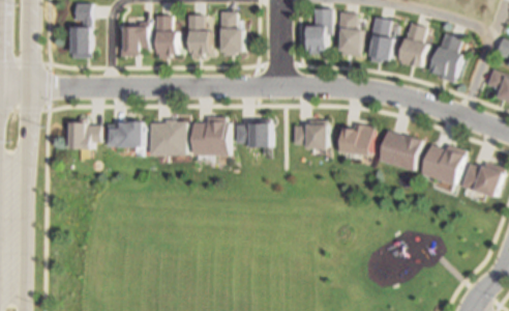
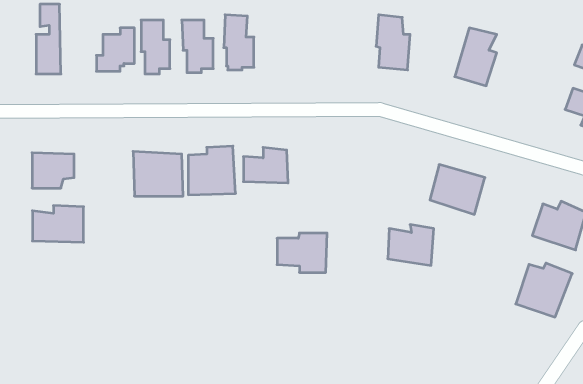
building: [304,9,331,56] -> none
building: [370,18,397,61] -> none
building: [430,33,463,84] -> none
building: [103,118,144,147] -> [32,206,84,242]
building: [289,119,328,150] -> [277,233,327,272]
building: [337,123,373,156] -> [388,225,434,265]
building: [423,143,468,186] -> [516,263,572,317]

